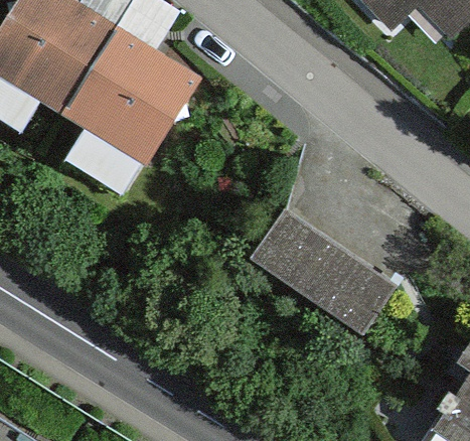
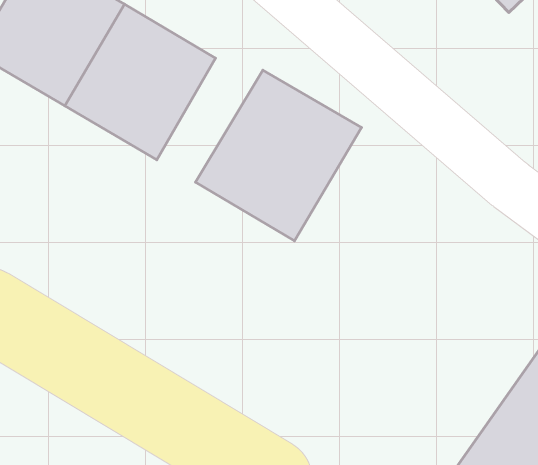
building: none -> [195,70,361,241]
building: [256,212,406,341] -> none

